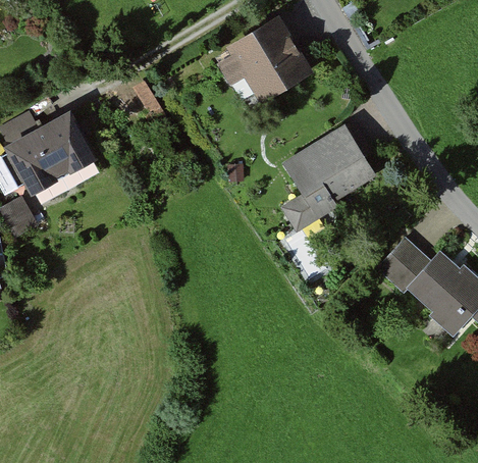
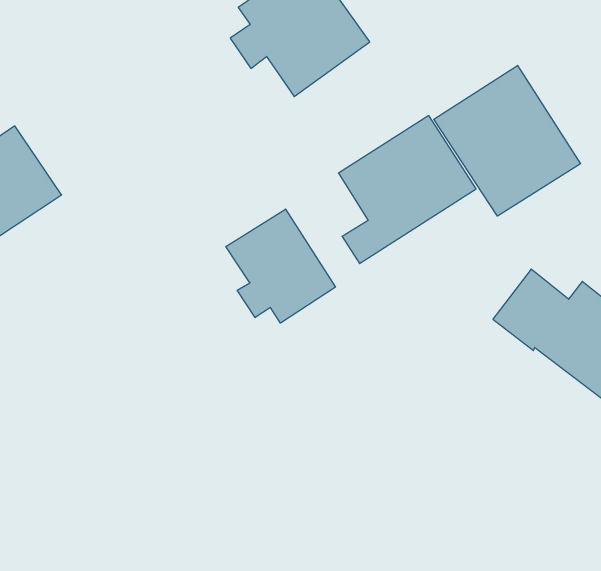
building: none -> [434,65,581,216]
building: none -> [226,209,335,323]

